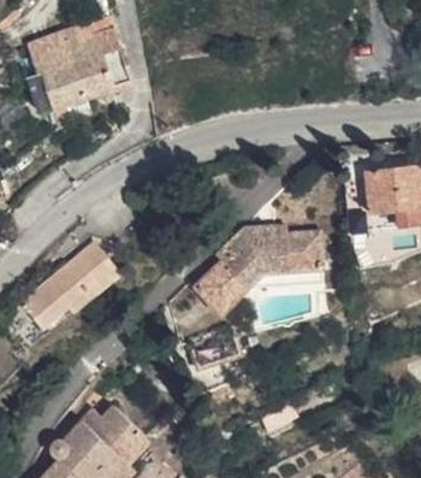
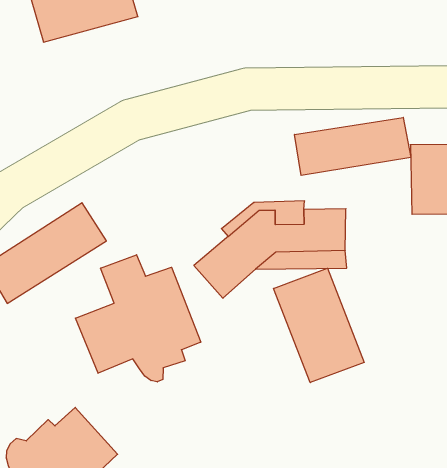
building: none -> [295,117,411,175]
building: none -> [274,268,364,383]
building: none -> [75,255,201,382]

